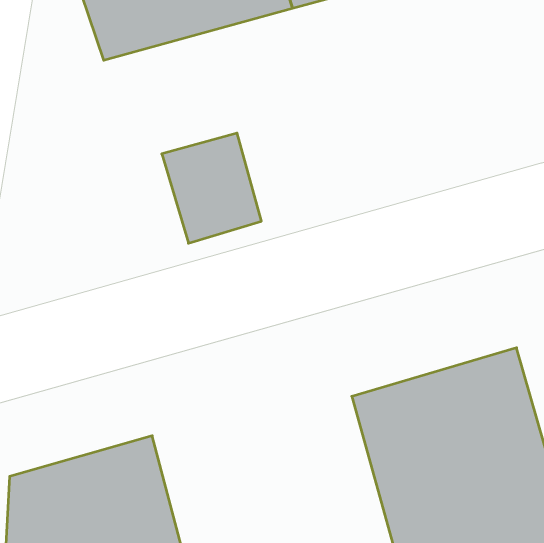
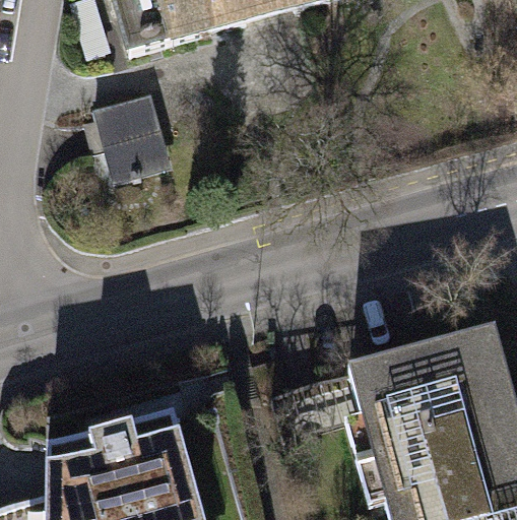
building: [162,133,261,243] -> [86,92,174,189]

